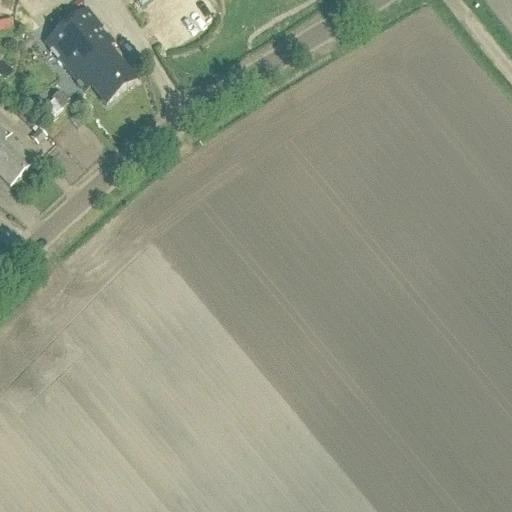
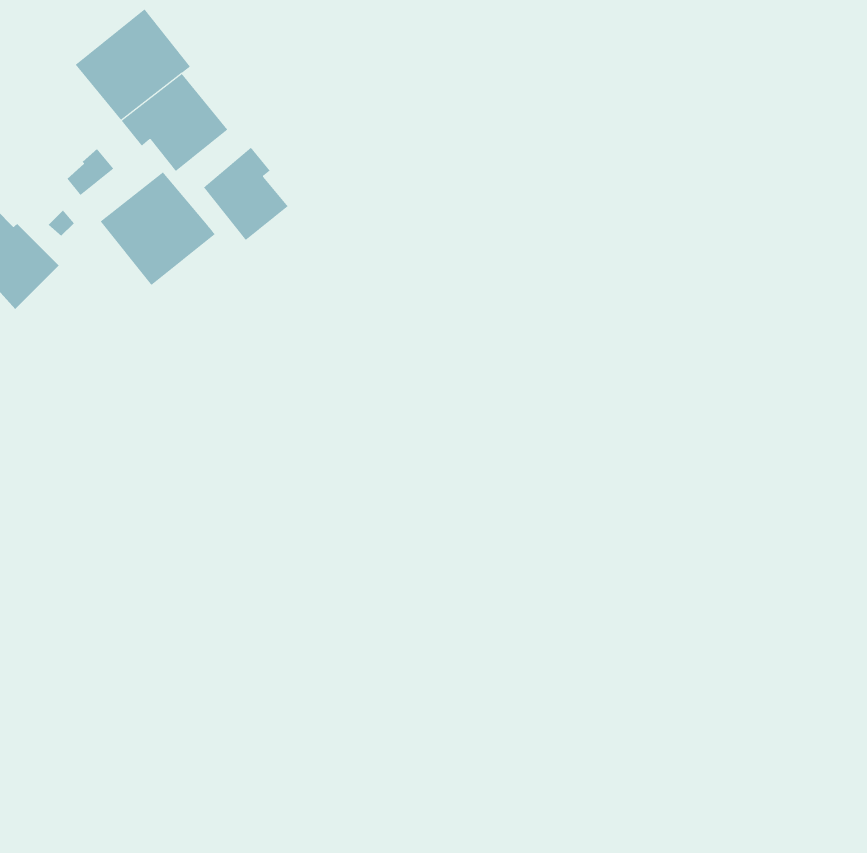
building: none -> [203,147,288,241]
building: none -> [100,171,215,286]

